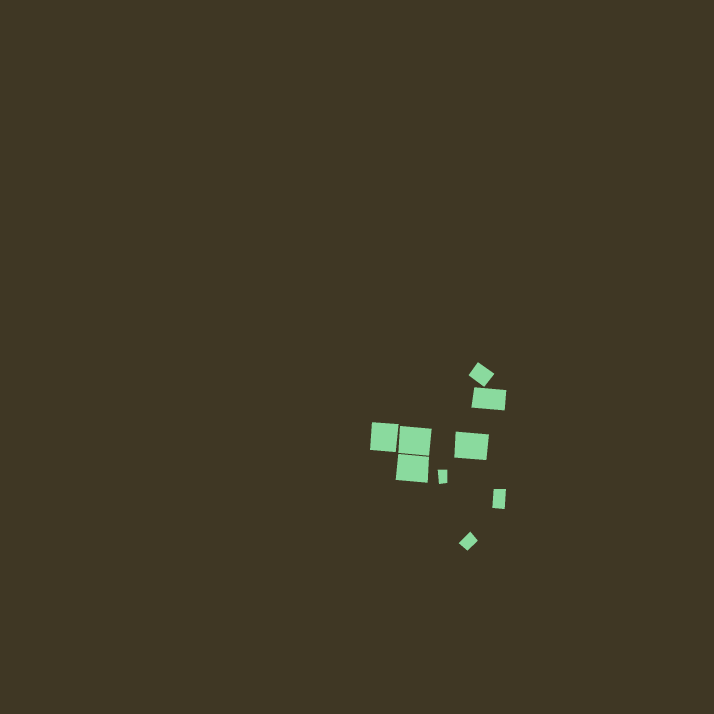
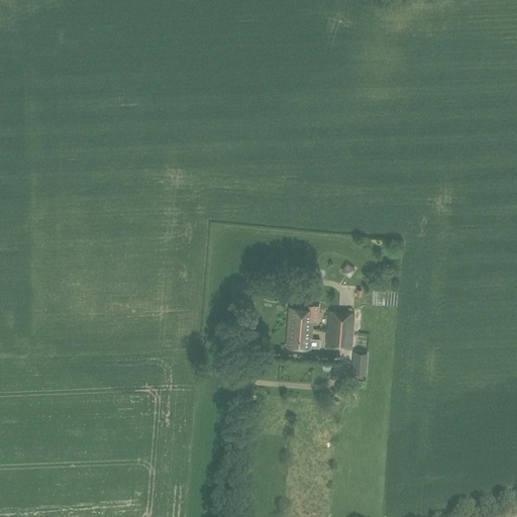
building: [471,387,507,411] -> [325,331,351,348]
building: [370,421,399,453] -> none

